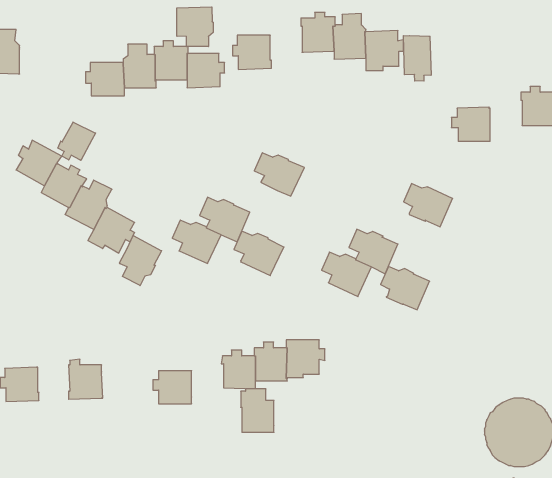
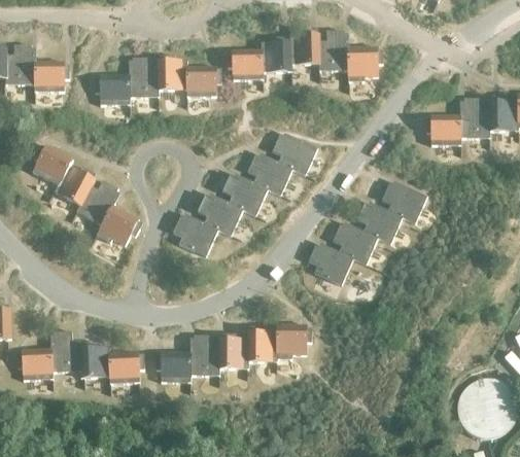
building: [177,7,213,47] -> none
building: none -> [261,37,292,73]
building: [403,36,431,81] -> none
building: none -> [34,61,69,92]
building: none -> [459,98,489,138]
building: [58,122,96,160] -> none
building: none -> [272,135,316,174]
building: [234,231,284,276] -> [222,175,268,215]
building: [120,235,162,286] -> none
building: [381,266,430,310] -> [357,204,402,243]
building: none -> [49,330,80,372]
building: none -> [109,352,144,383]
building: [241,389,274,432] -> [189,336,219,375]

